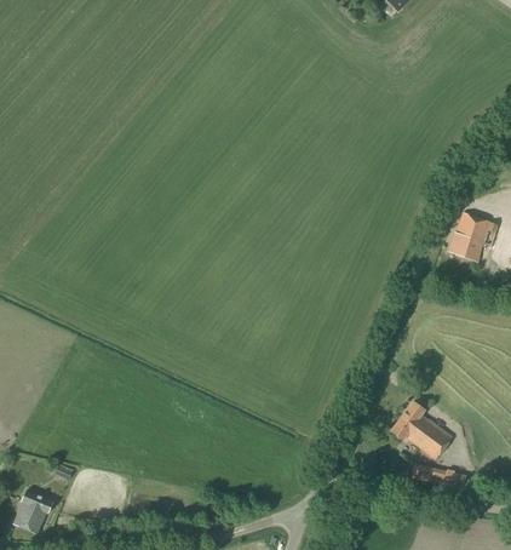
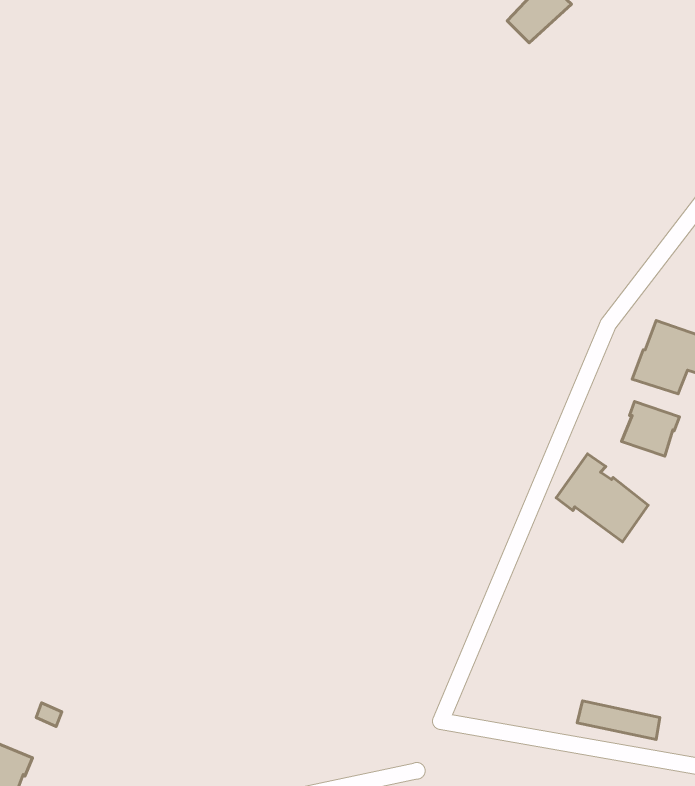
building: none -> [622,401,679,456]
building: [391,401,452,459] -> [556,454,648,542]

